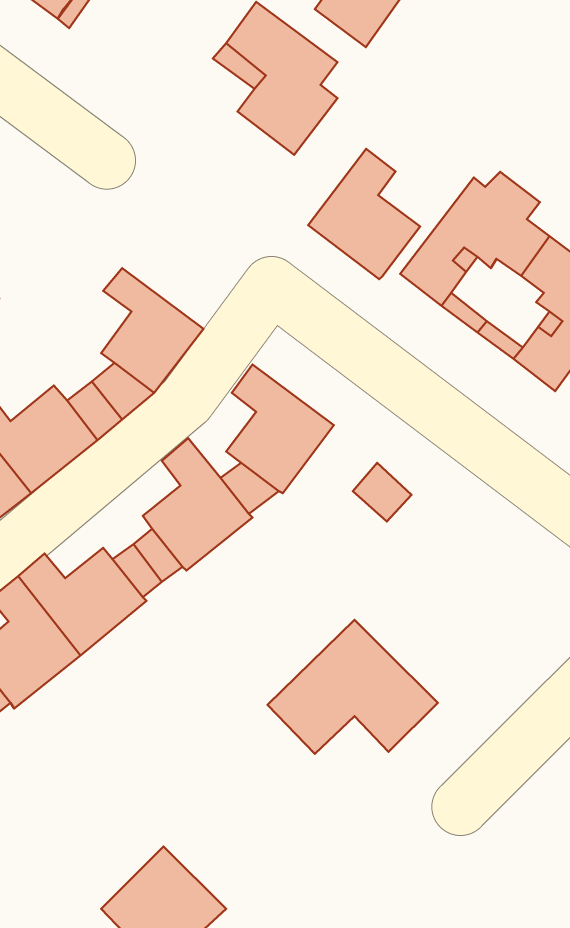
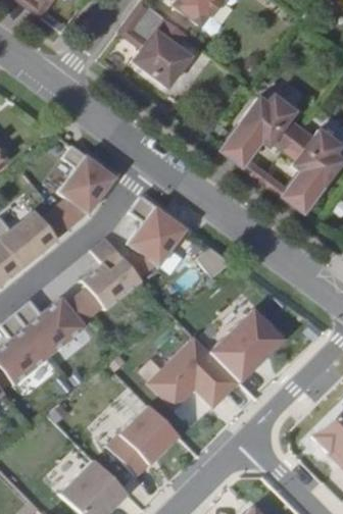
building: [308,149,420,279] -> none
building: none -> [212,308,285,380]
building: none -> [108,404,179,474]

